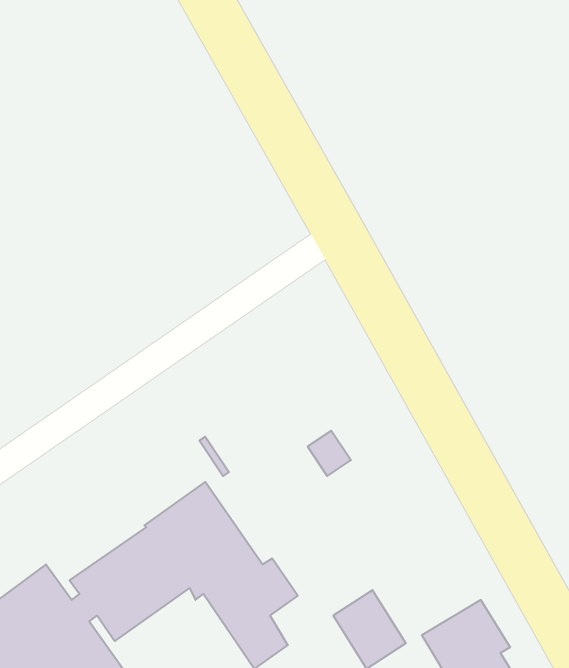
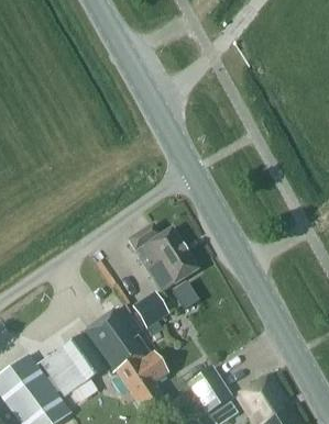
building: none -> [130,223,198,291]
building: none -> [134,291,171,325]

